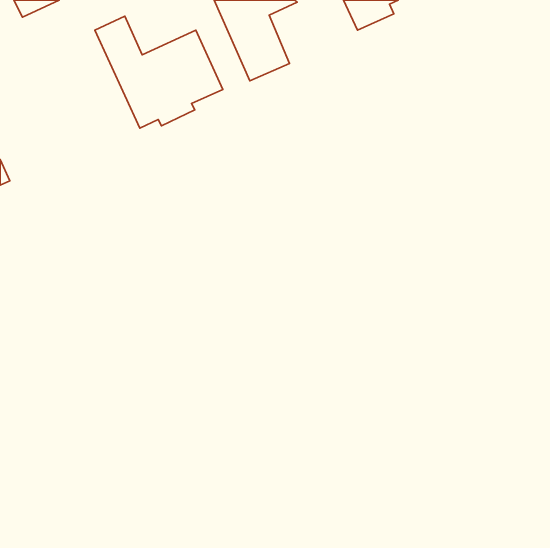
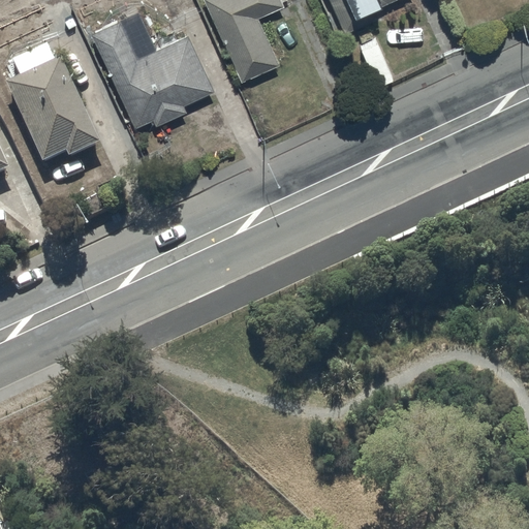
building: none -> [7,50,102,168]

